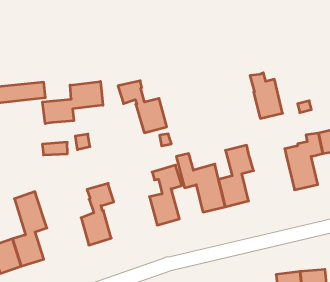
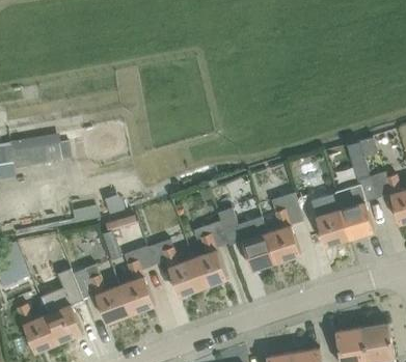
building: [250,73,283,118] -> [310,196,349,246]
building: [118,81,167,133] -> [146,240,202,296]
building: [43,81,103,124] -> none
building: none -> [102,215,137,258]
building: none -> [69,256,130,323]

